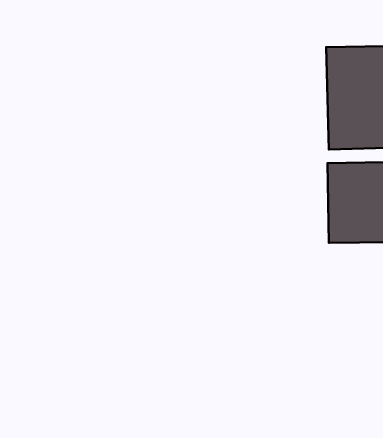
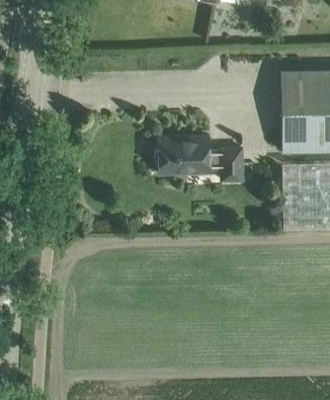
building: none -> [159,137,244,183]

